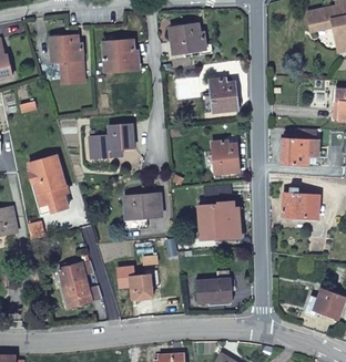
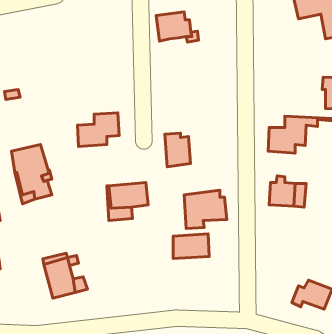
building: [50,34,85,82] -> none
building: [103,40,139,71] -> none
building: [211,77,238,111] -> none
building: [213,141,238,174] -> [165,133,191,167]
building: [131,275,153,298] -> none
building: [196,278,232,302] -> [173,234,209,259]

